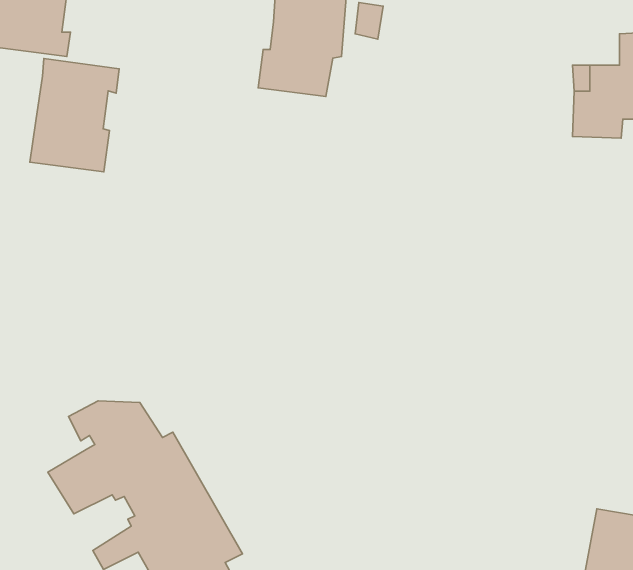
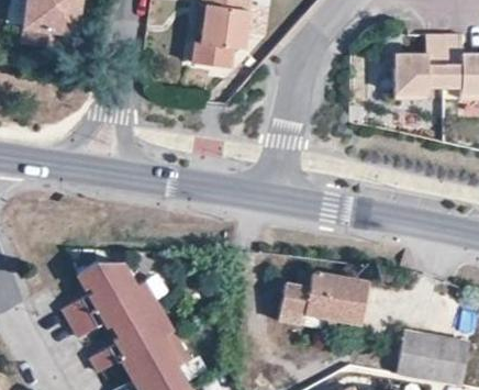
building: [30,59,119,172] -> none
building: none -> [280,270,370,323]

